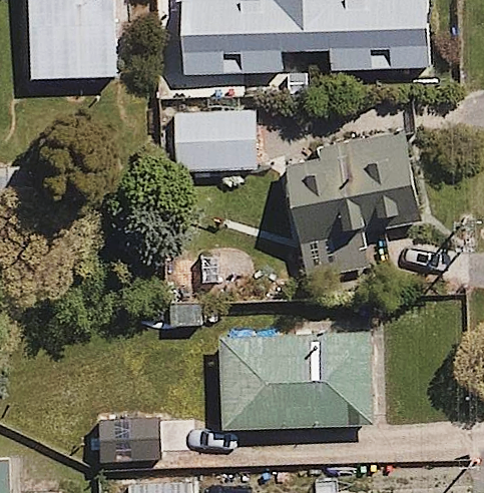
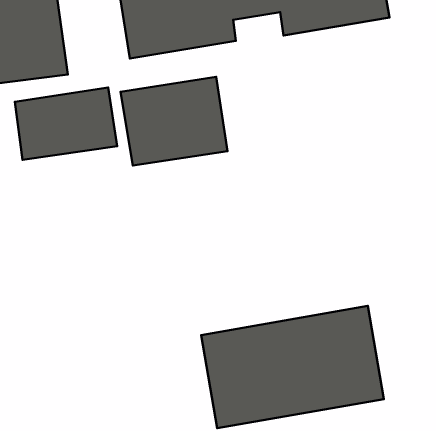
building: none -> [15,88,117,160]
building: [279,126,427,245] -> none

